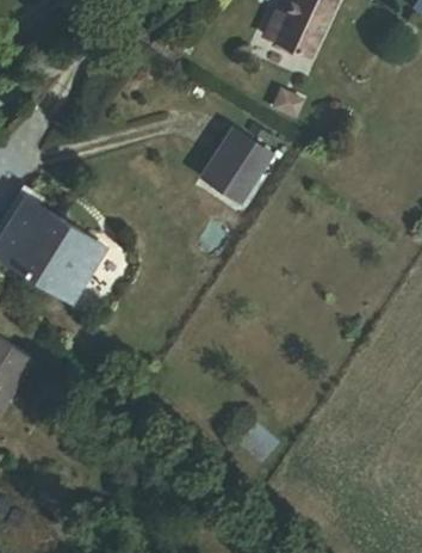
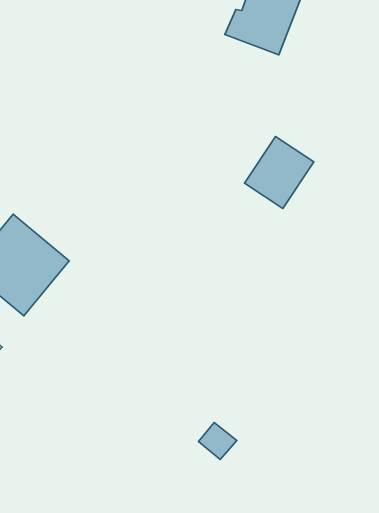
building: [193,135,262,207] -> [245,137,314,208]

